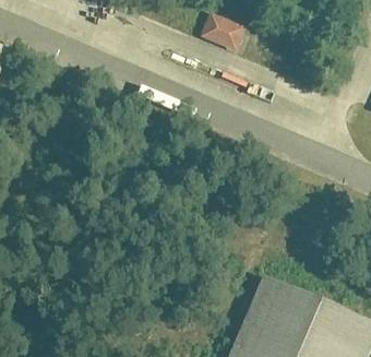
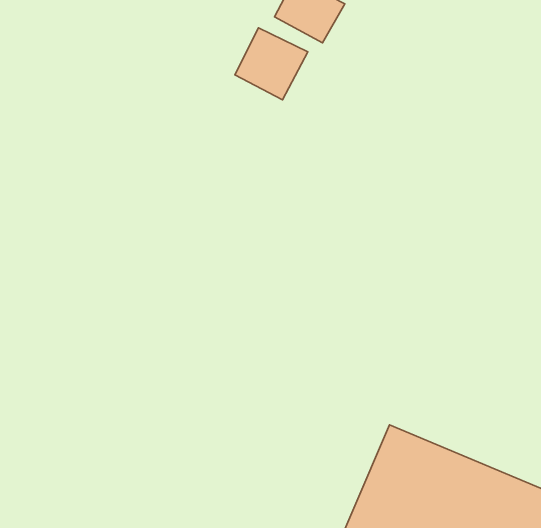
building: none -> [235,28,308,100]

